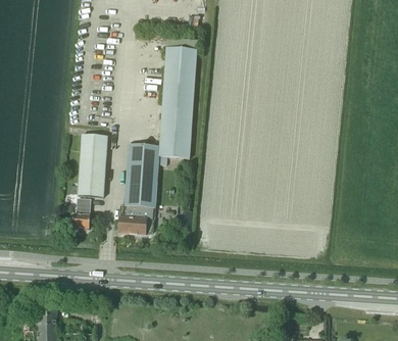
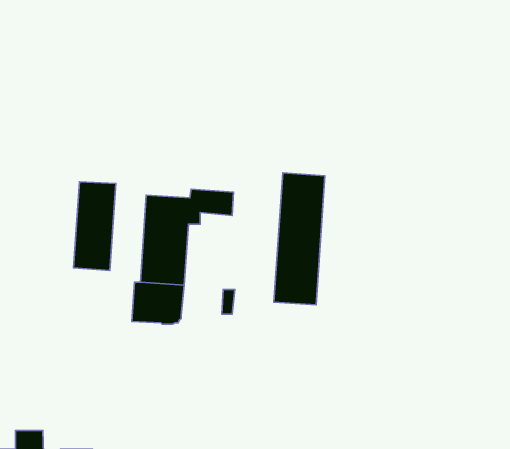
building: [160,49,196,142] -> [274,173,325,305]
building: [72,198,90,228] -> none

